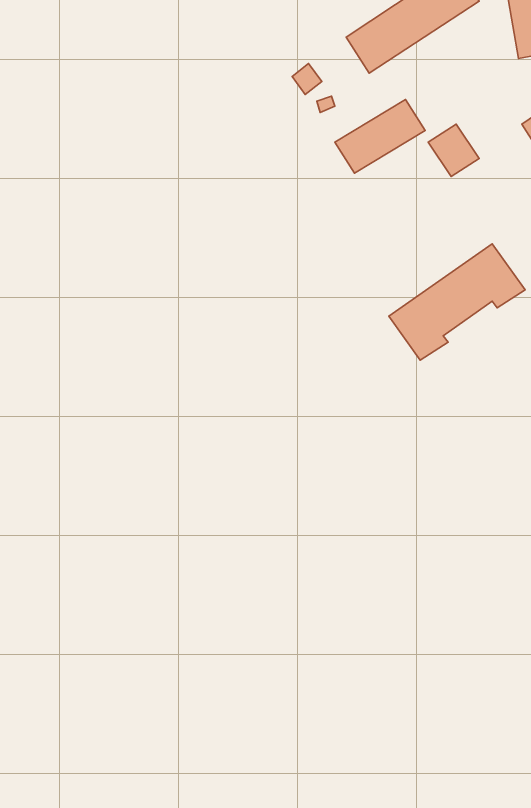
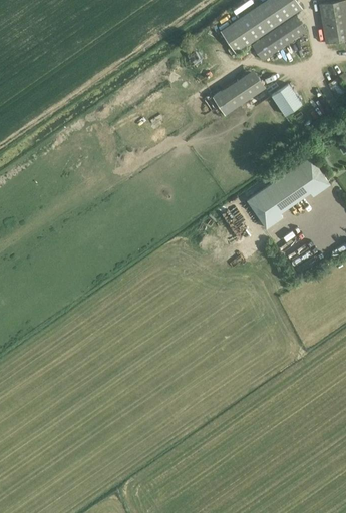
building: none -> [252,15,305,59]

